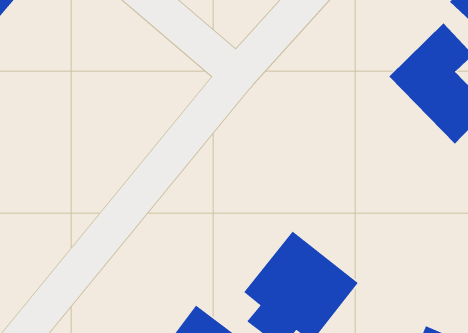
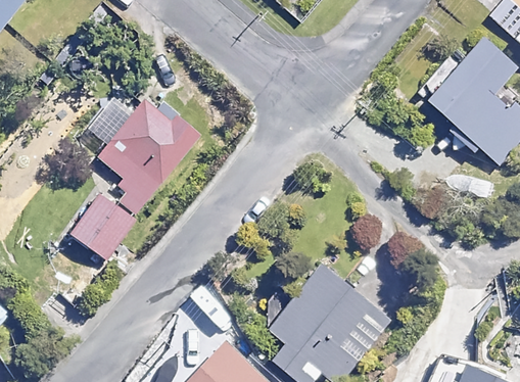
building: none -> [97,97,200,212]
building: none -> [70,194,135,258]

